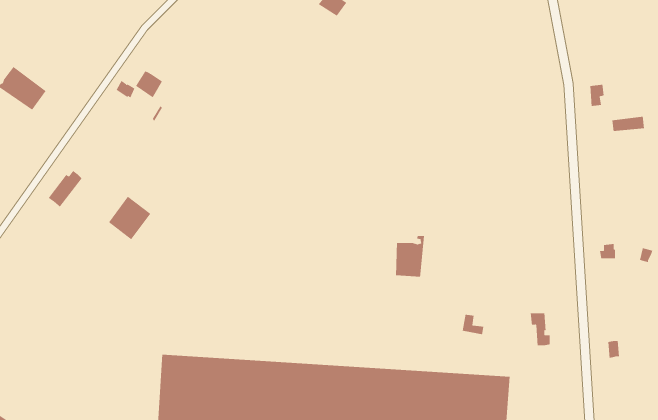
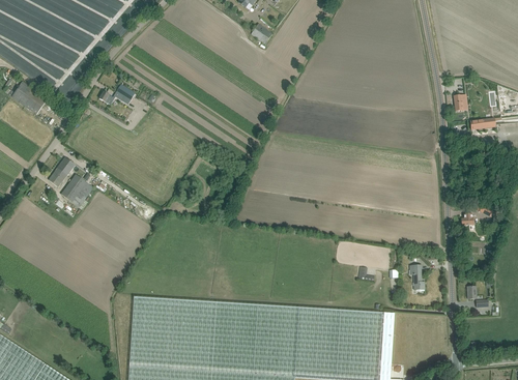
building: [108,196,151,240] -> [60,174,92,207]
building: [396,235,425,277] -> none

